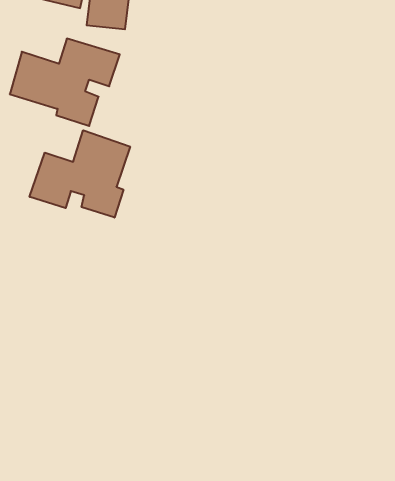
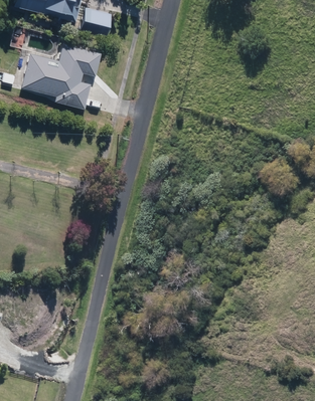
building: [30,130,130,218] -> none

